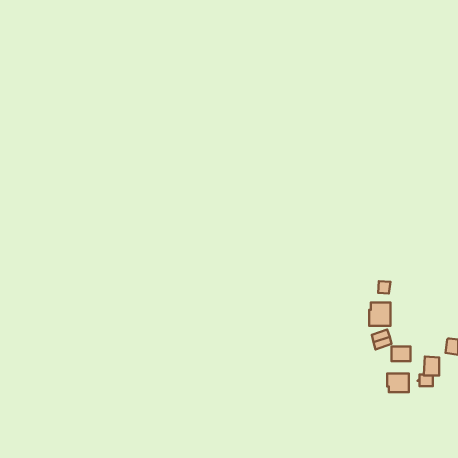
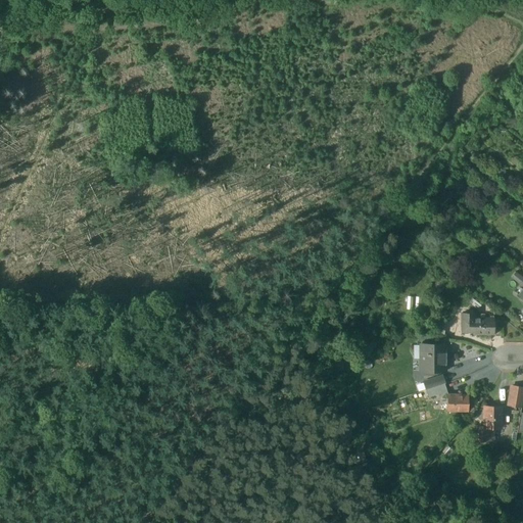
building: none -> [460,313,492,334]
building: [387,373,409,392] -> none

